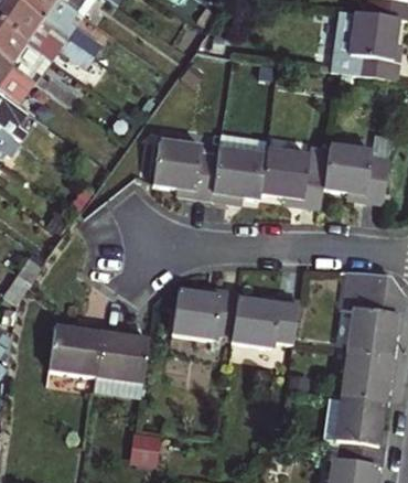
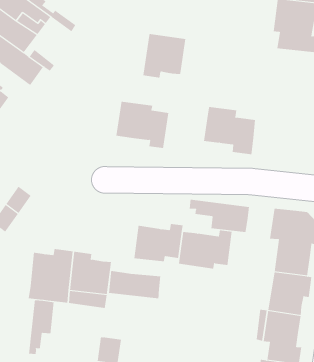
building: [324,142,386,203] -> none
building: [213,146,267,201] -> [142,34,186,78]
building: none -> [189,199,249,233]
building: none -> [109,270,161,299]
building: none -> [29,300,54,355]

